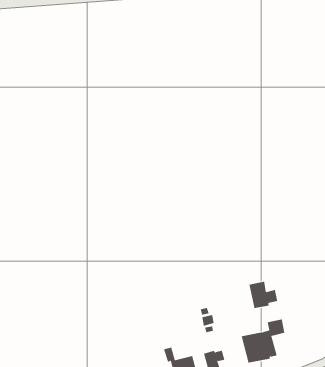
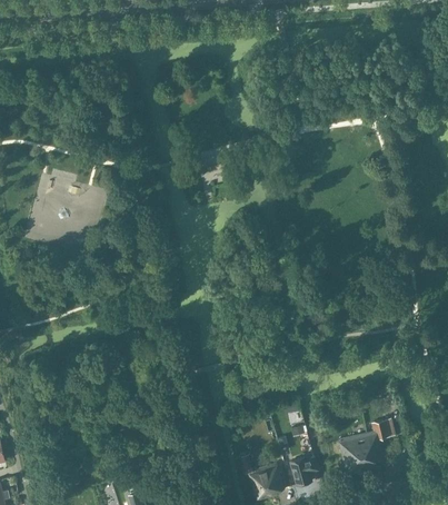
building: [249,281,278,309] -> none

